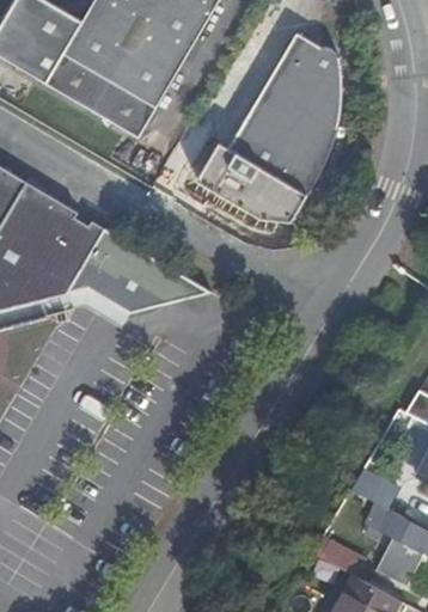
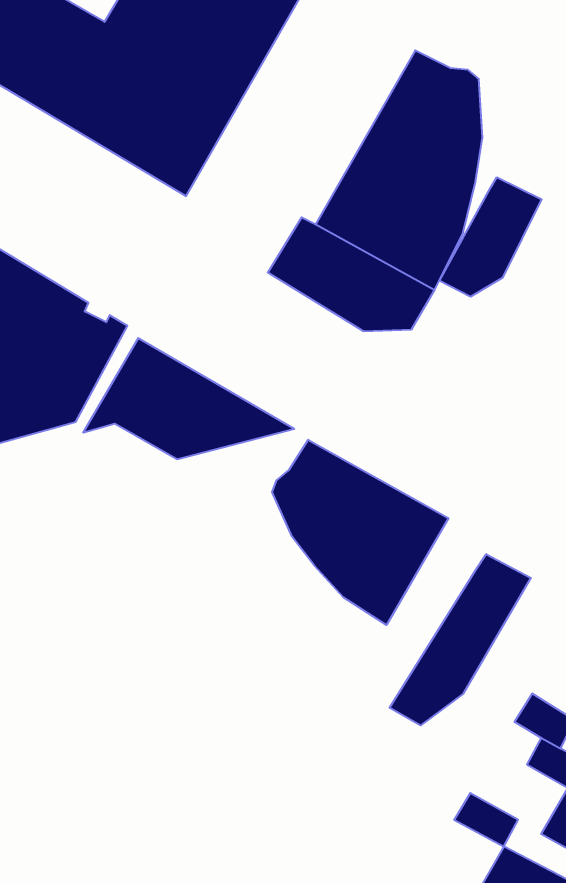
building: none -> [439,177,542,297]
building: none -> [272,440,448,625]
building: none -> [390,554,531,725]

